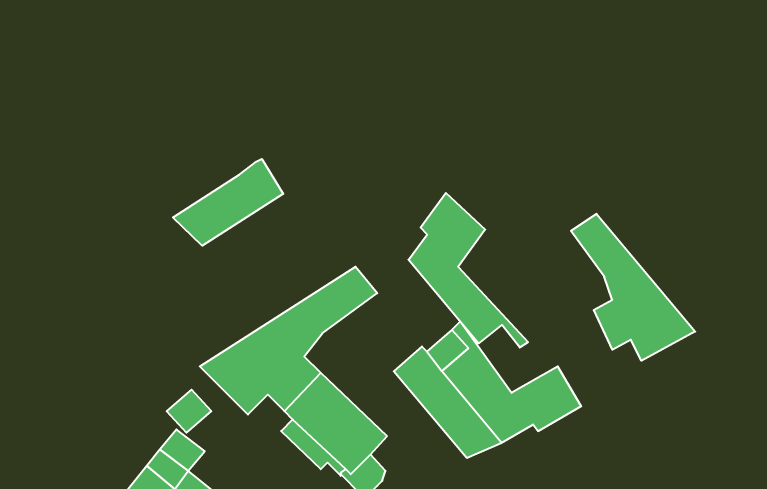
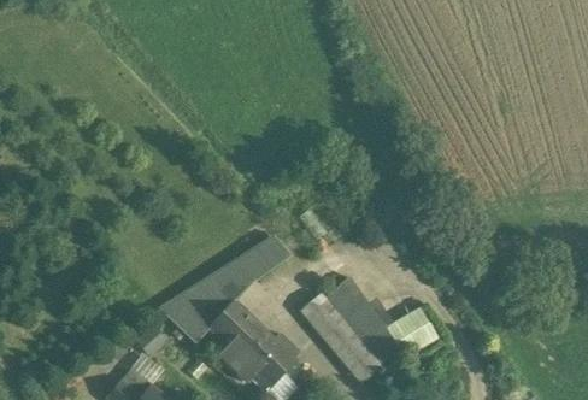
building: [173,159,283,246] -> none
building: [408,193,528,348] -> none
building: [571,214,695,361] -> none

